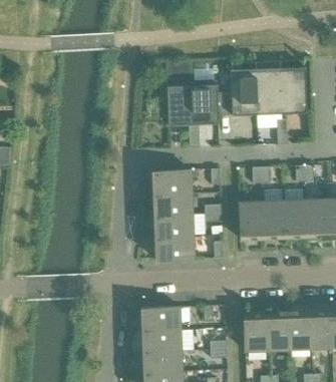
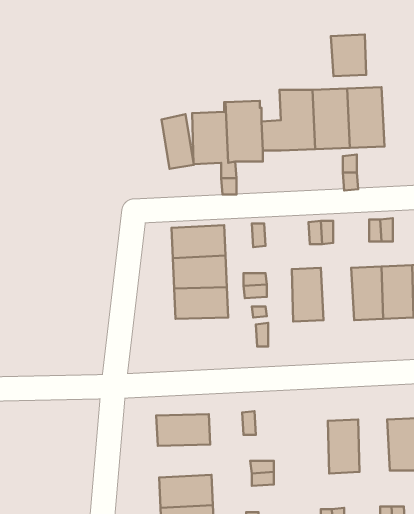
building: none -> [331,35,366,76]
building: none -> [162,114,194,169]
building: [260,201,284,239] -> none
building: [154,237,194,260] -> none
building: [287,311,310,349] -> none
building: [243,312,266,351] -> none
building: [141,329,181,353] -> none

